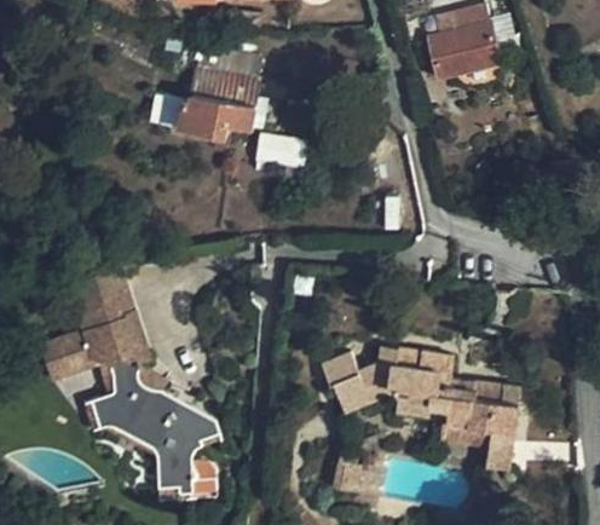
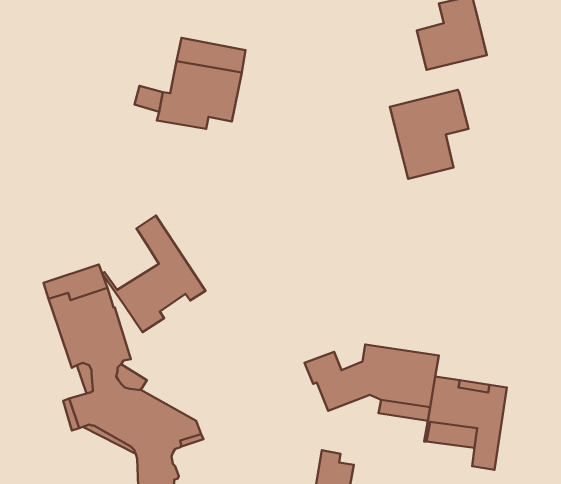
building: none -> [390,90,469,179]
building: [255,138,302,168] -> none
building: none -> [102,215,205,332]
building: [40,330,93,382] -> none

